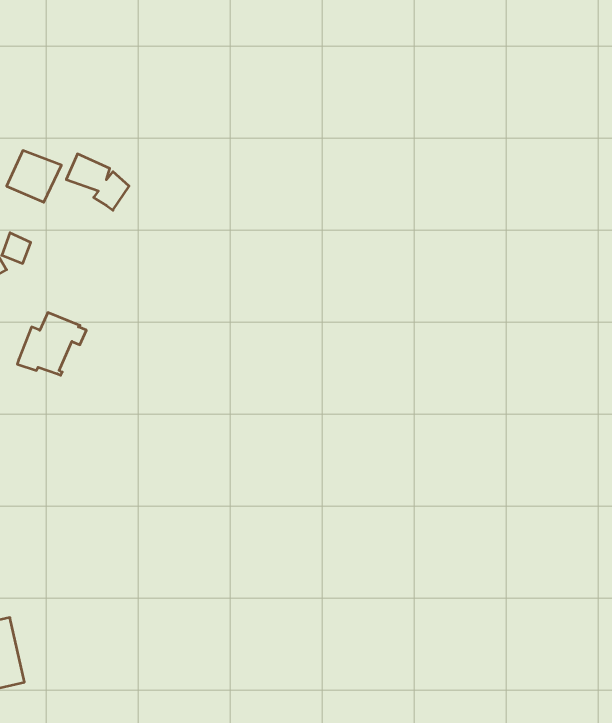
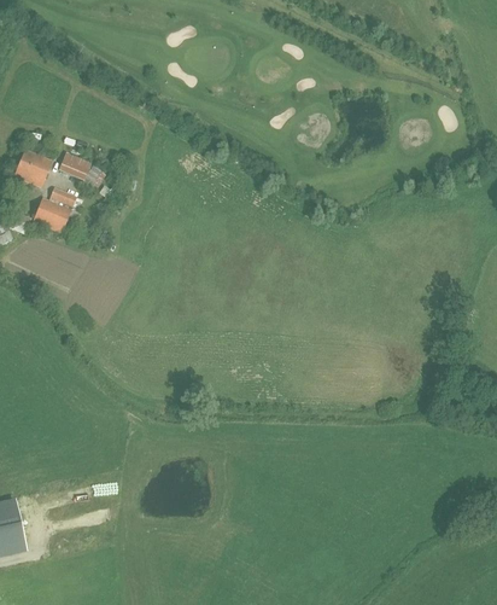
building: [17,313,86,375] -> [31,186,83,233]

